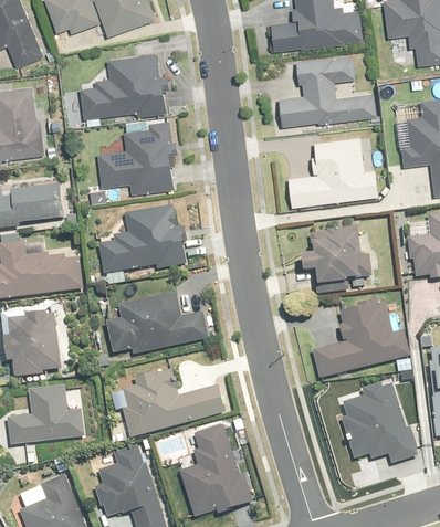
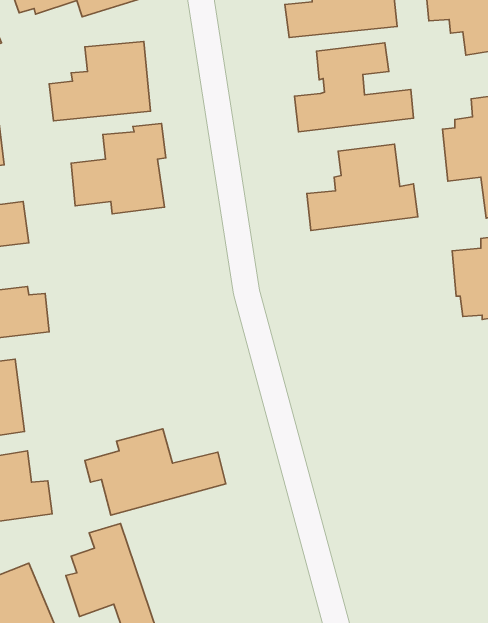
building: [98,204,185,273] -> none
building: [302,225,370,287] -> none
building: [105,291,209,355] -> none
building: [312,302,409,378] -> none
building: [341,381,417,462] -> none
building: [179,423,252,516] -> none

